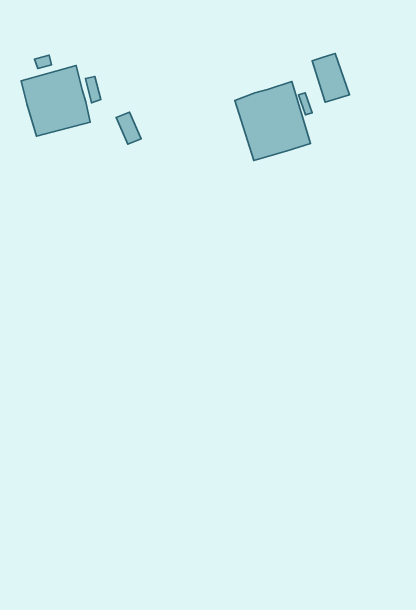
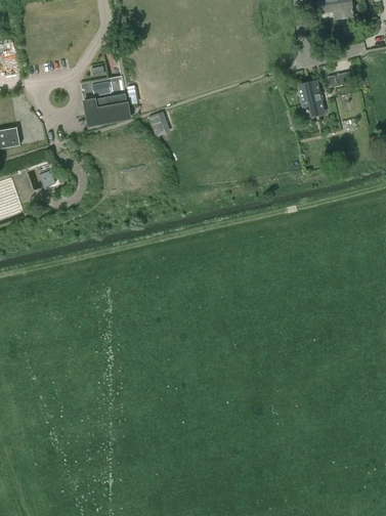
building: [235,81,311,160] -> none

